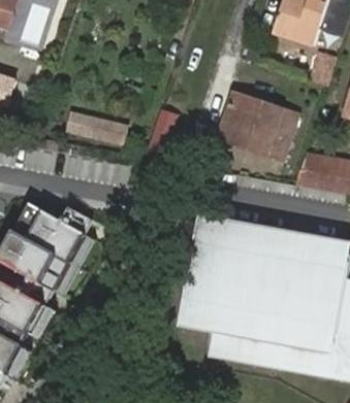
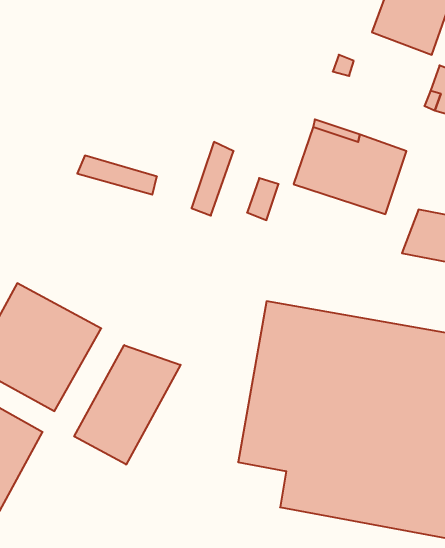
building: none -> [74,345,181,465]

